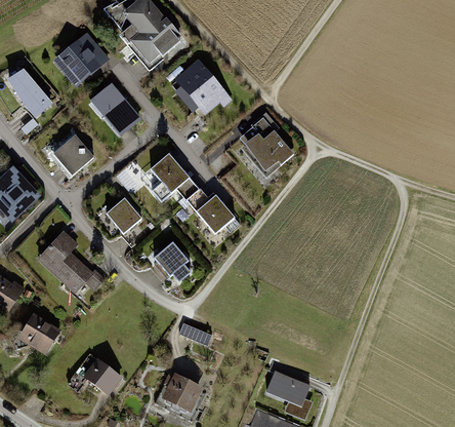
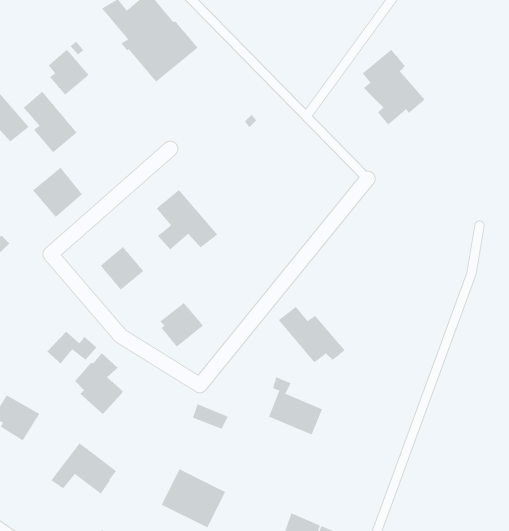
building: [181,67,219,105] -> none
building: [95,84,138,133] -> [23,91,78,153]
building: [243,113,293,173] -> [362,49,425,126]
building: [185,187,239,232] -> [278,306,345,363]
building: [41,231,80,280] -> [74,352,124,415]
building: [265,359,308,405] -> [268,377,323,435]

